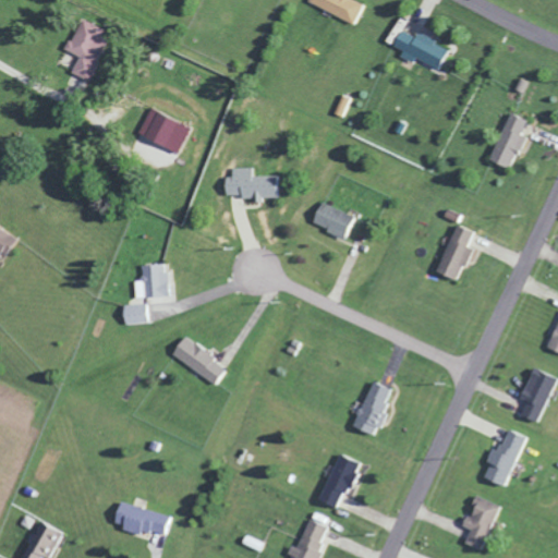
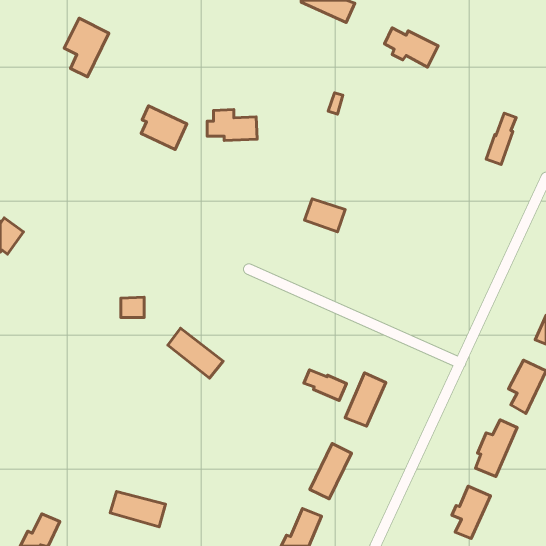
building: [225,167,276,198] -> [207,109,257,140]
building: [439,225,473,280] -> none
building: [134,262,169,299] -> none
building: none -> [304,370,346,400]

